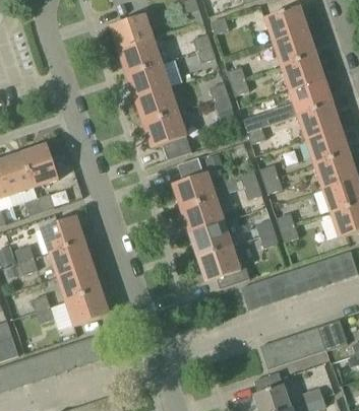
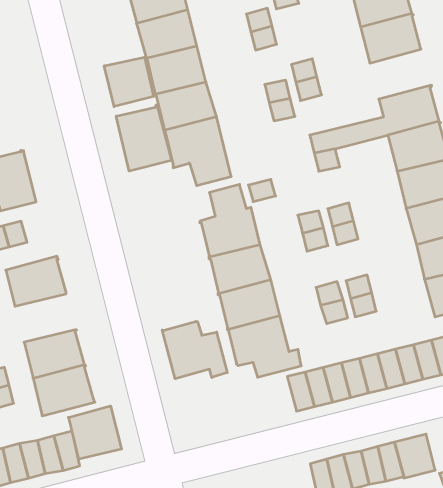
building: [282,54,325,90] -> none
building: none -> [104,57,155,107]
building: none -> [116,105,171,171]
building: [50,241,93,276] -> none
building: none -> [162,321,227,379]
building: none -> [68,406,122,459]

